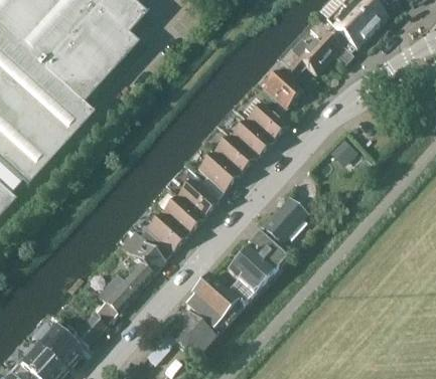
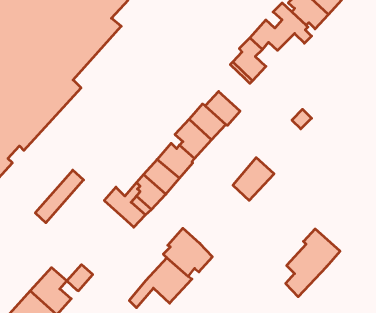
building: [248,103,287,141] -> none
building: [227,228,288,305] -> [286,229,340,297]
building: [98,260,152,320] -> [35,170,84,223]

